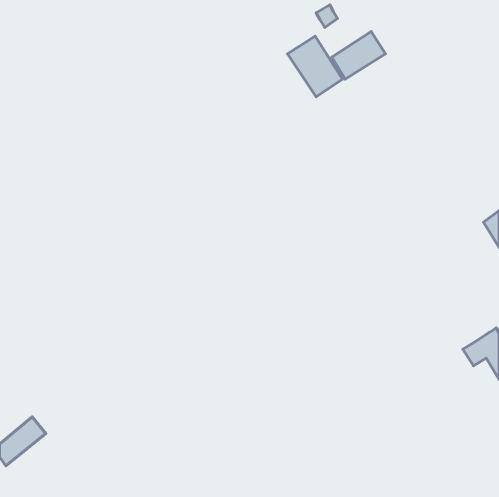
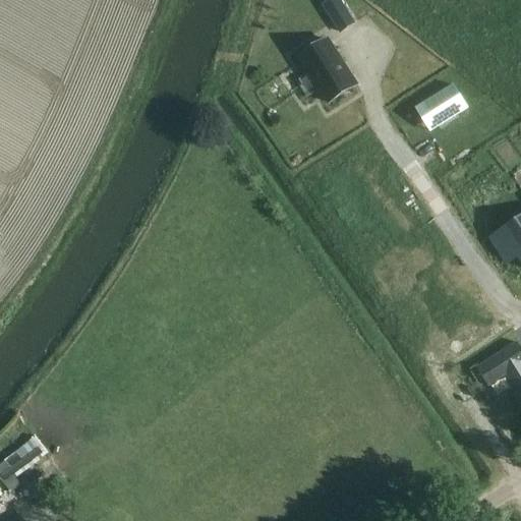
building: [332,32,385,79] -> none
building: none -> [423,83,467,124]

